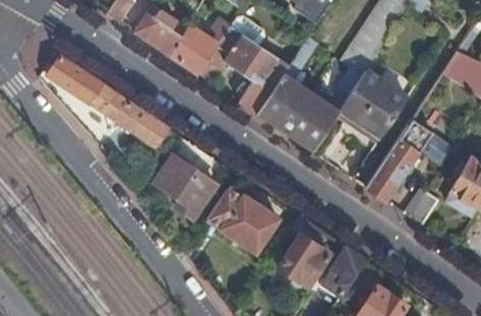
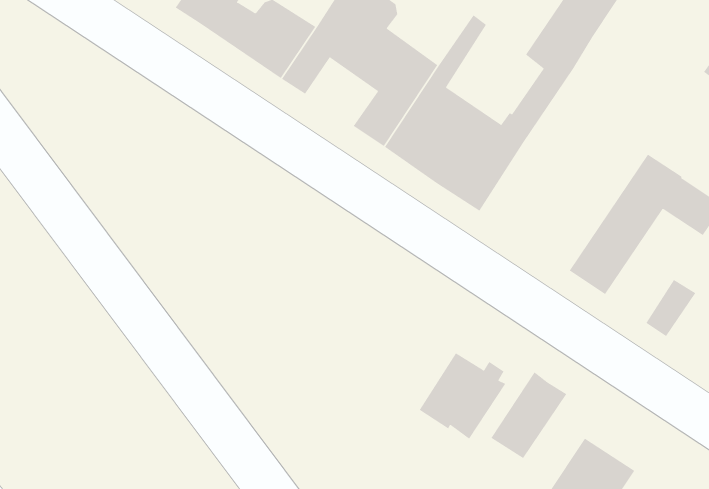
building: [46,55,166,144] -> none
building: [339,68,407,139] -> none
building: [153,153,213,215] -> none
building: [206,185,278,252] -> none

